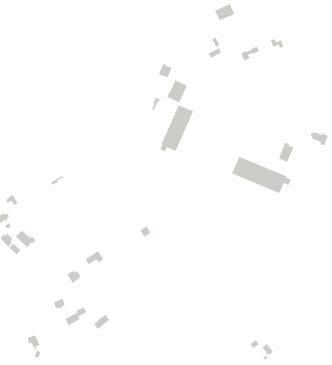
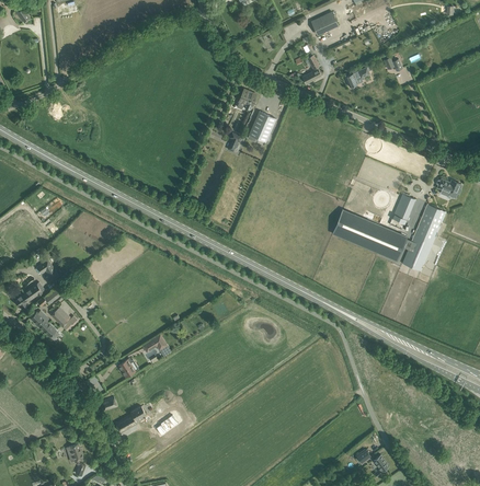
building: [160,104,194,152] -> none
building: none -> [401,205,445,271]

